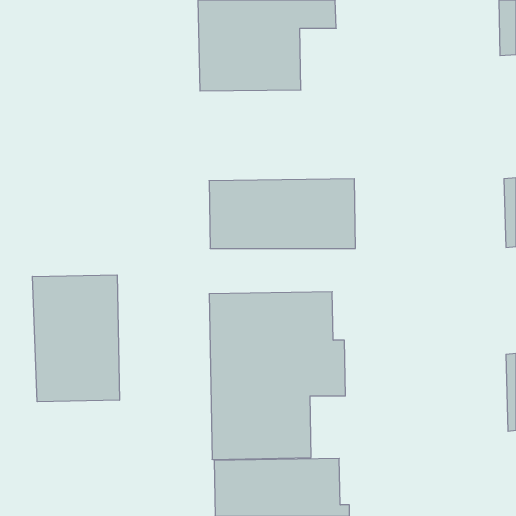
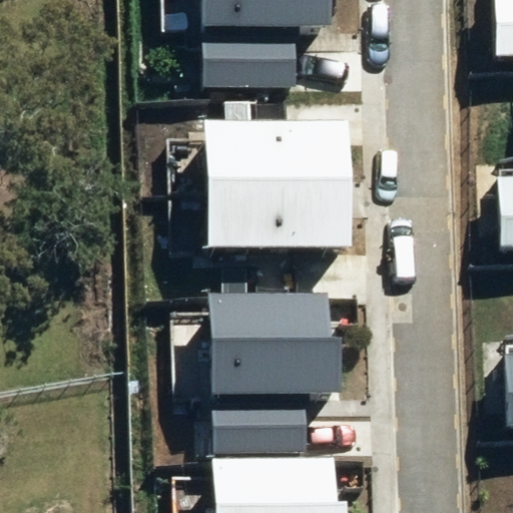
building: none -> [206,118,352,179]
building: [32,275,119,402] -> none

